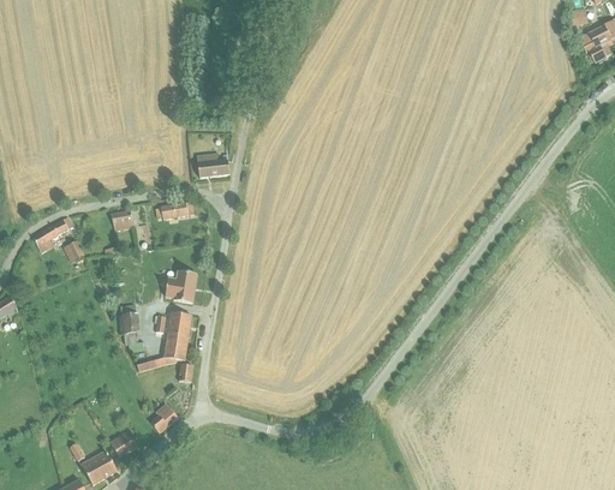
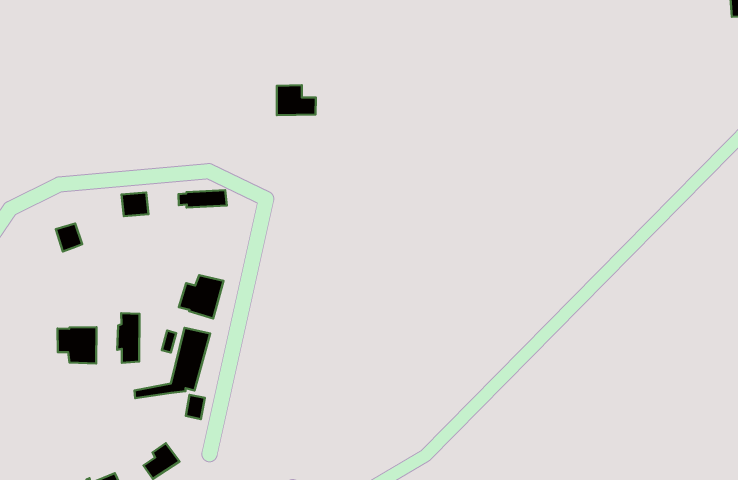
building: [197,151,229,177] -> [277,85,316,115]
building: [32,216,72,250] -> none
building: none -> [57,327,96,364]

